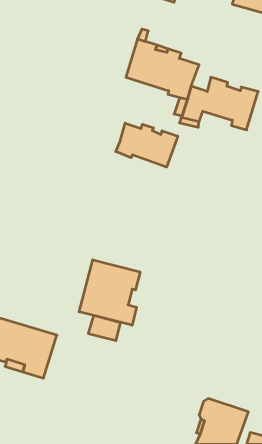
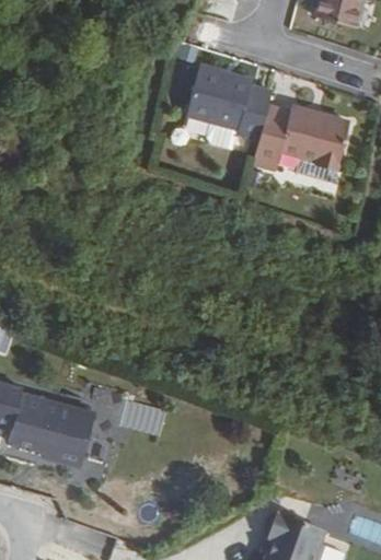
building: [116,123,178,167] -> none
building: [79,260,140,325] -> none

